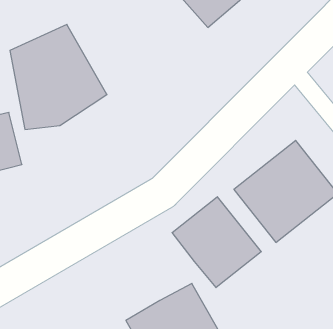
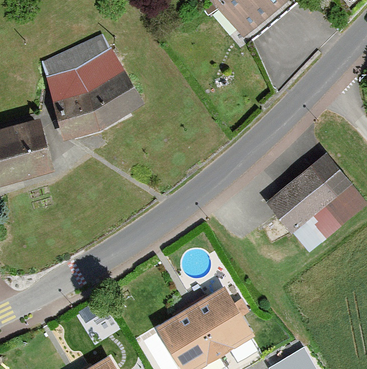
building: [172,197,261,288] -> none

